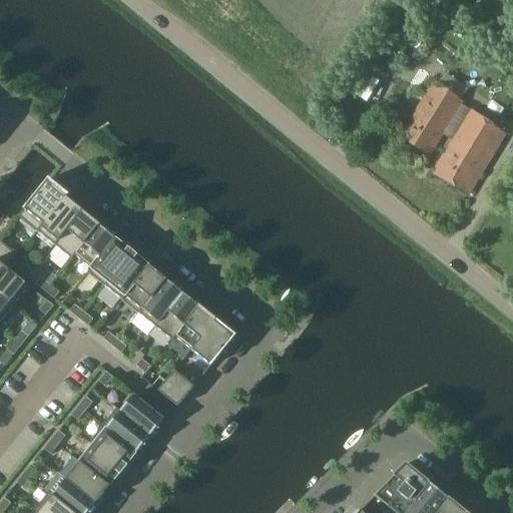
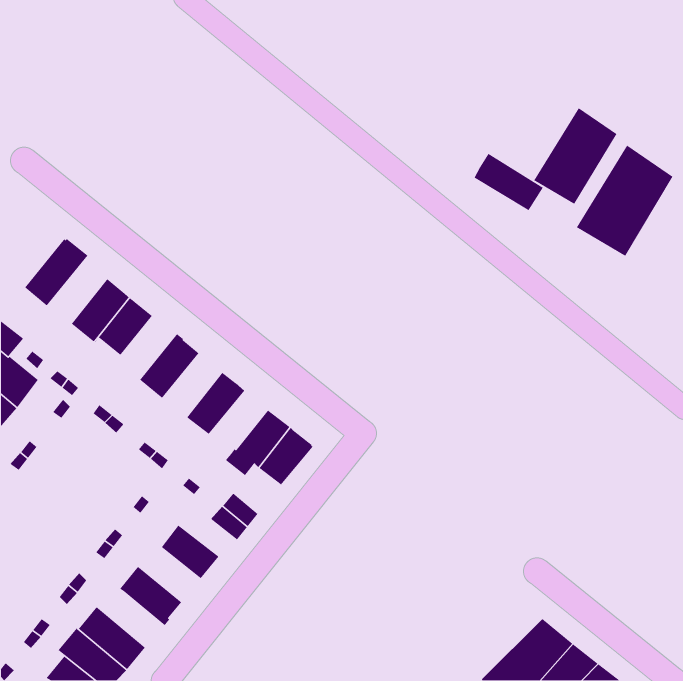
building: none -> [473,153,544,211]
building: [36,191,81,242] -> none
building: [88,236,133,285] -> none
building: [122,265,167,313] -> none
building: [157,293,201,340] -> none
building: [104,407,151,451] -> none
building: [79,443,124,485] -> none

